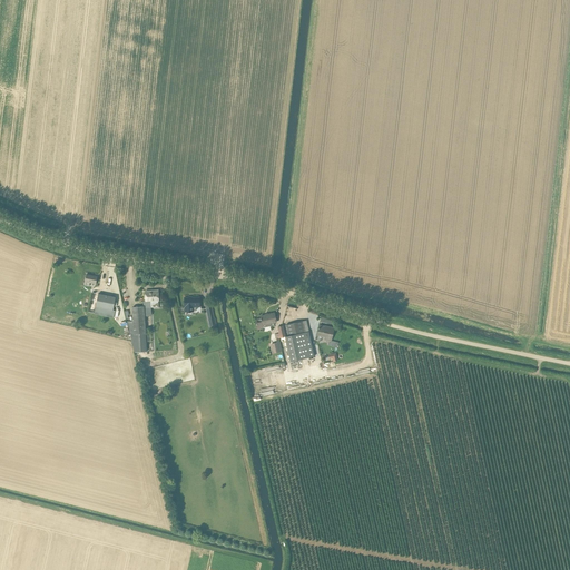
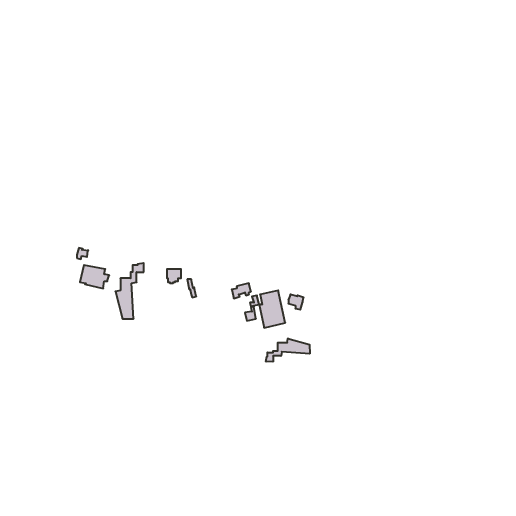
building: none -> [266,338,310,362]

